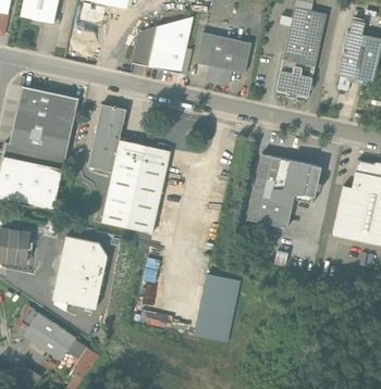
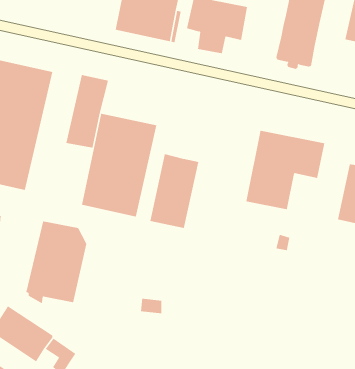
building: [195,274,239,341] -> [150,154,199,228]

